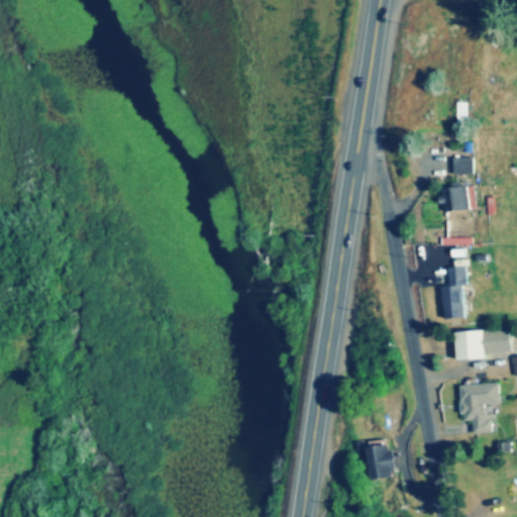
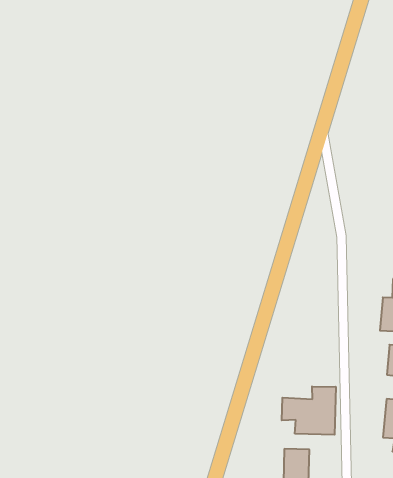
building: none -> [282,386,336,435]

